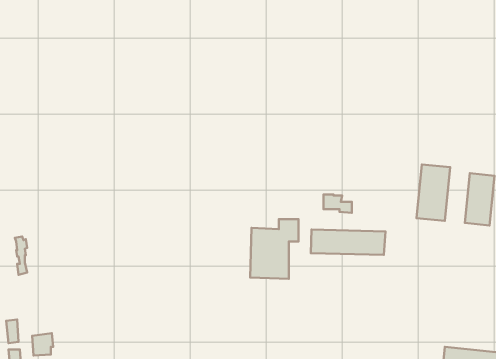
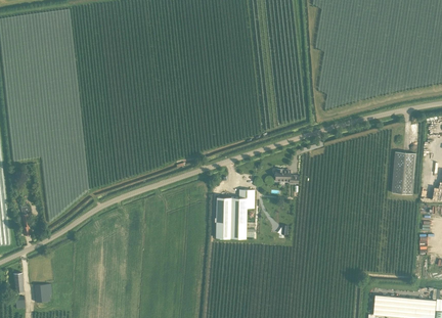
building: [417,164,450,221] -> none
building: [311,230,386,255] -> none

